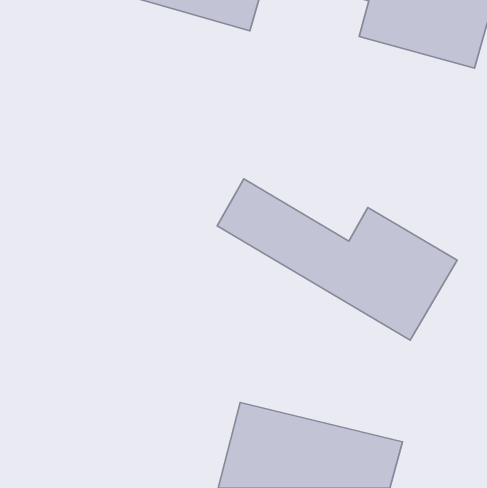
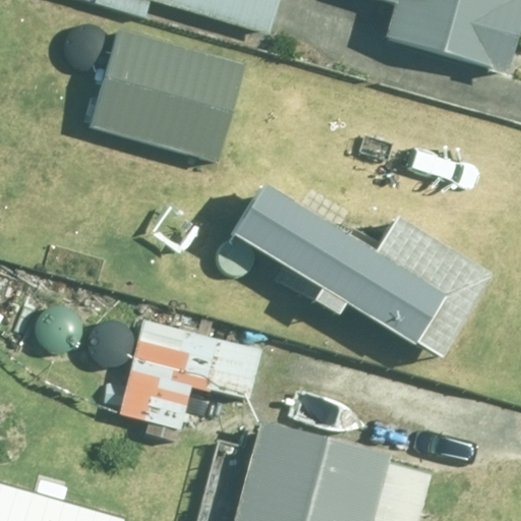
building: none -> [93,30,243,158]
building: none -> [122,323,258,429]

